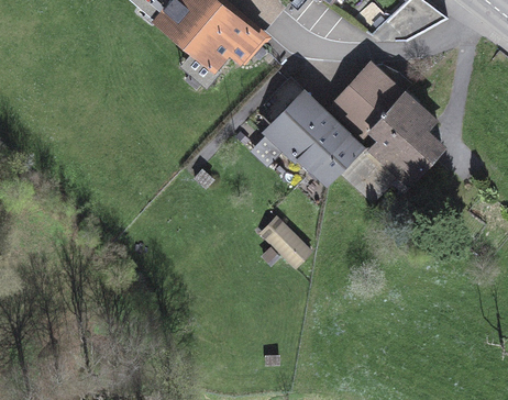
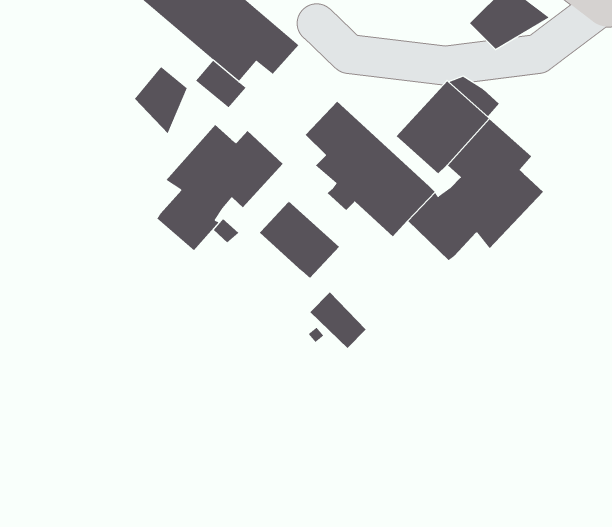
building: none -> [134,66,188,134]
building: none -> [157,124,284,251]
building: none -> [259,201,340,279]

